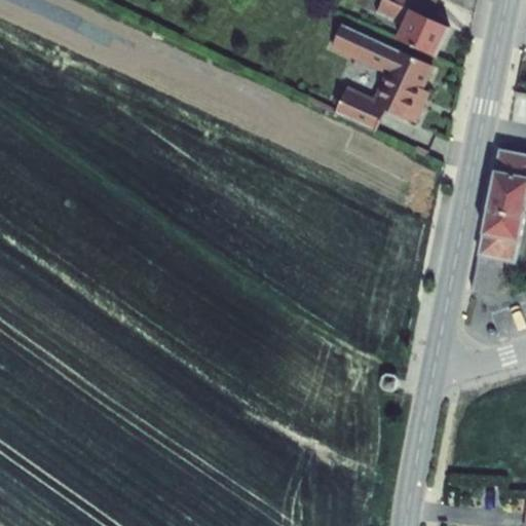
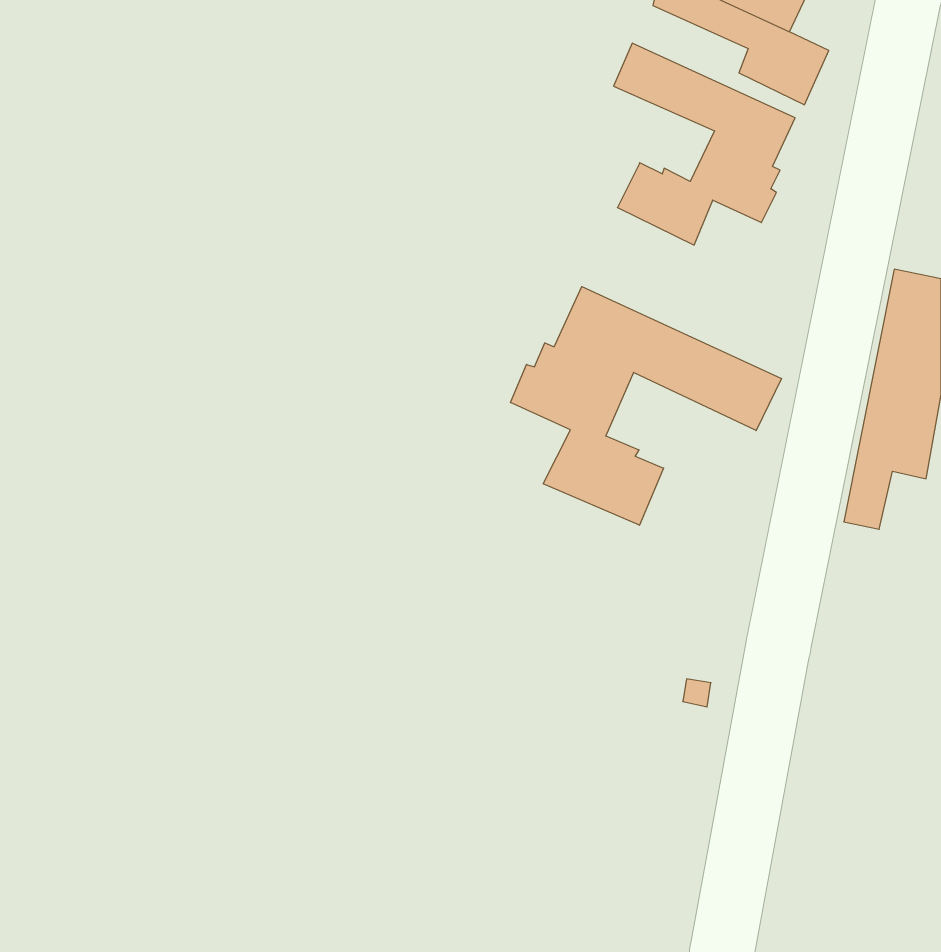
building: none -> [511,287,781,525]

